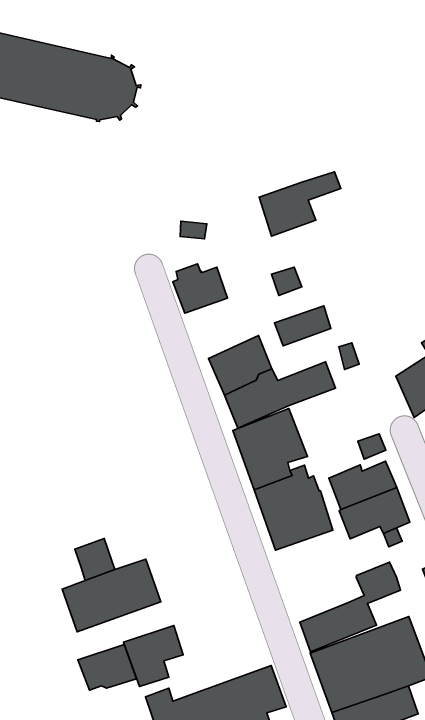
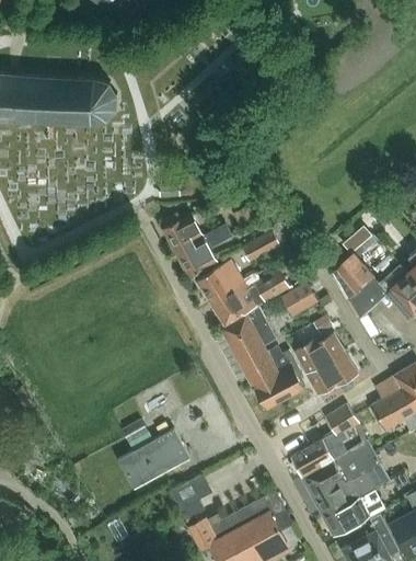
building: [259,172,341,236] -> [174,225,231,277]
building: none -> [281,283,319,317]
building: [78,644,136,690] -> none

